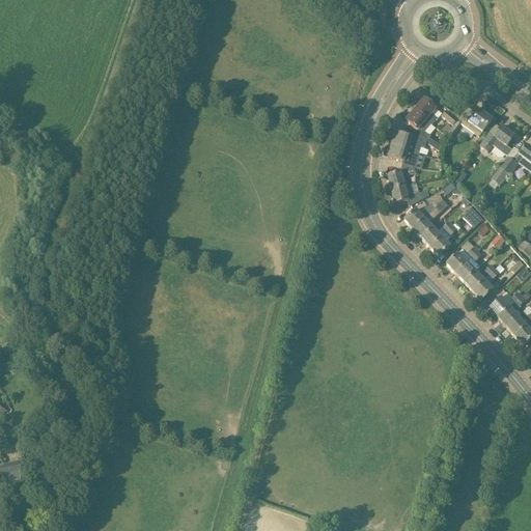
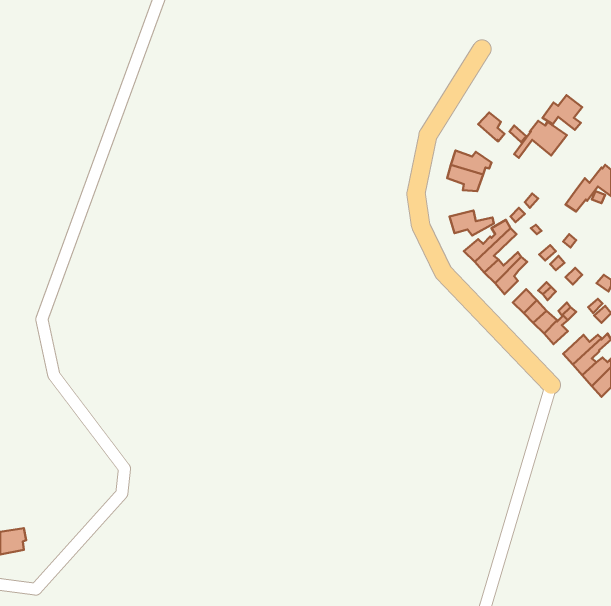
building: [406,108,431,141] -> none
building: [479,124,513,155] -> [543,95,582,130]
building: [387,165,416,188] -> none

